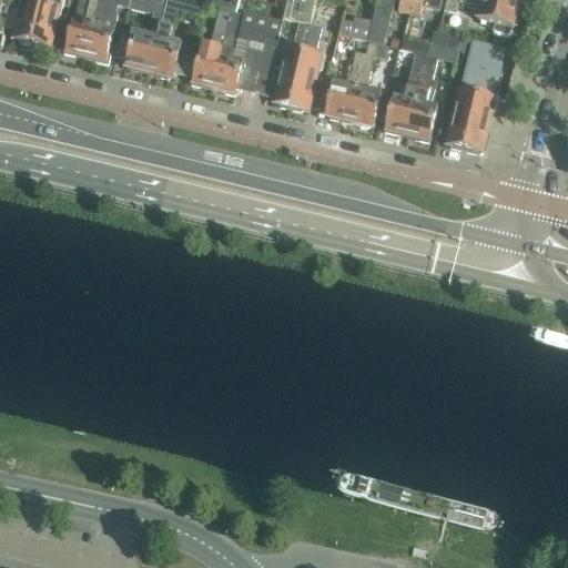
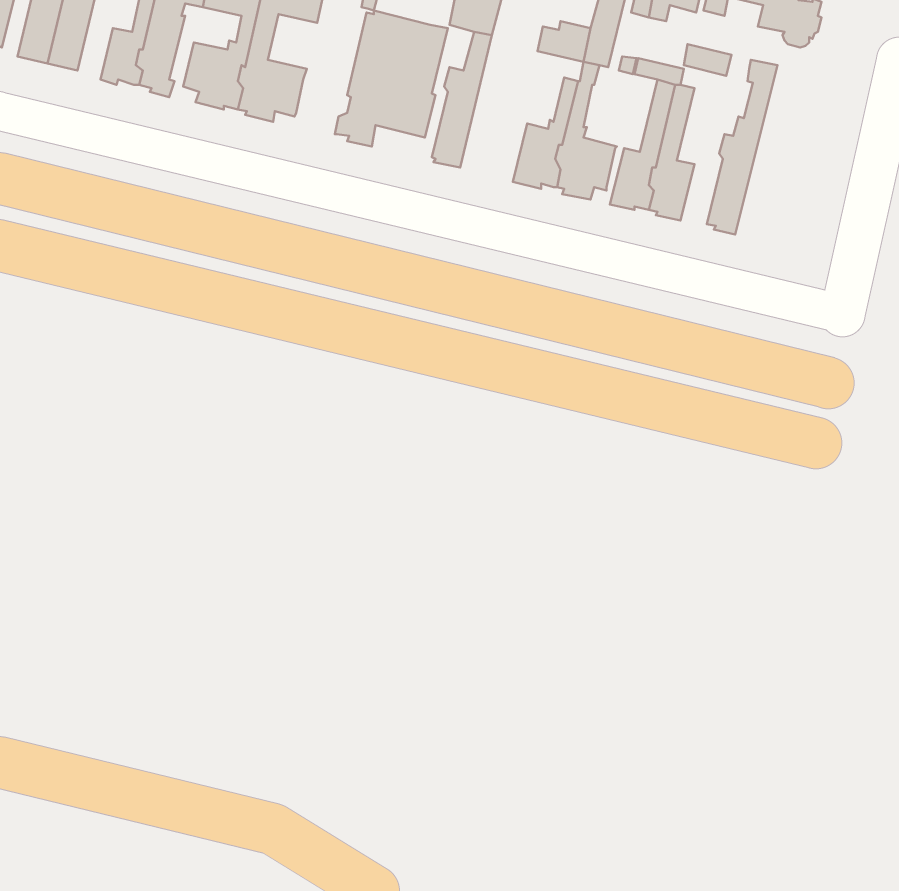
building: [186,6,231,85] -> none
building: [290,22,324,110] -> none
building: [463,41,505,151] -> none

